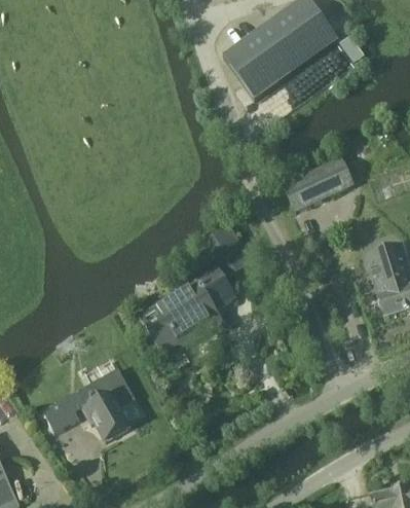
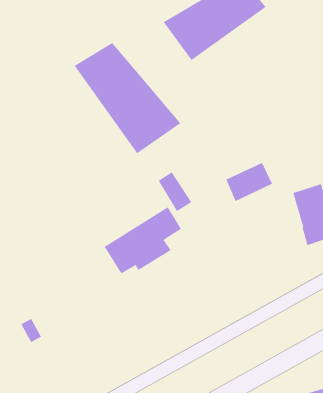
building: none -> [74,42,181,154]
building: [287,166,343,213] -> [226,162,273,202]
building: [69,370,135,440] -> none

